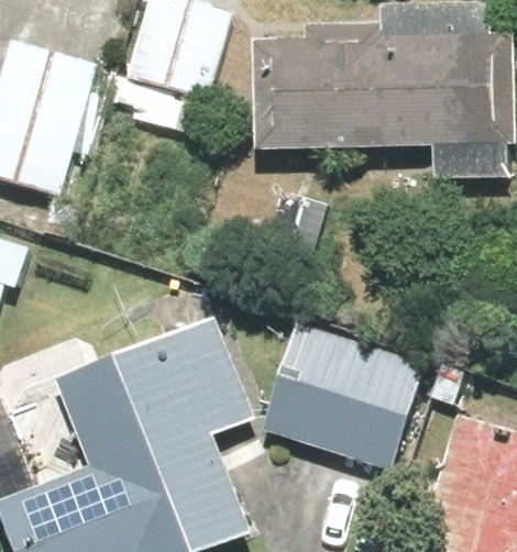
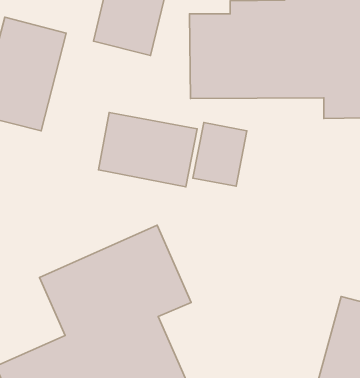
building: none -> [98,113,197,187]
building: [260,321,427,476] -> none

